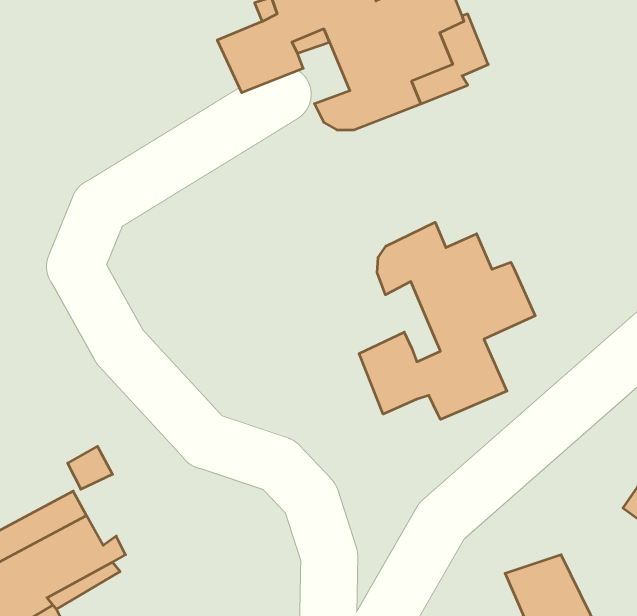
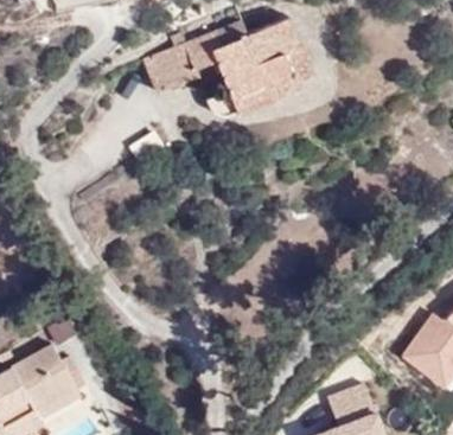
building: [359,222,535,419] -> none

